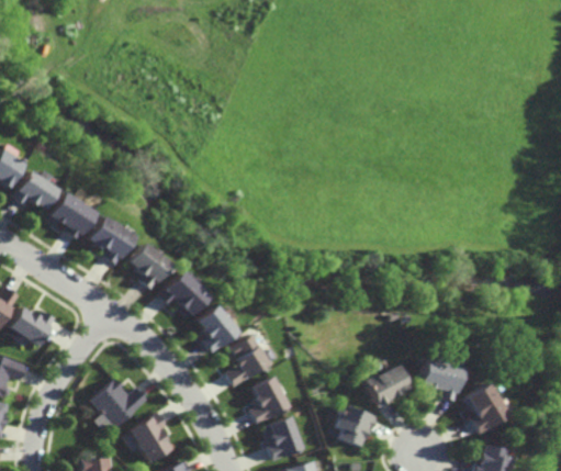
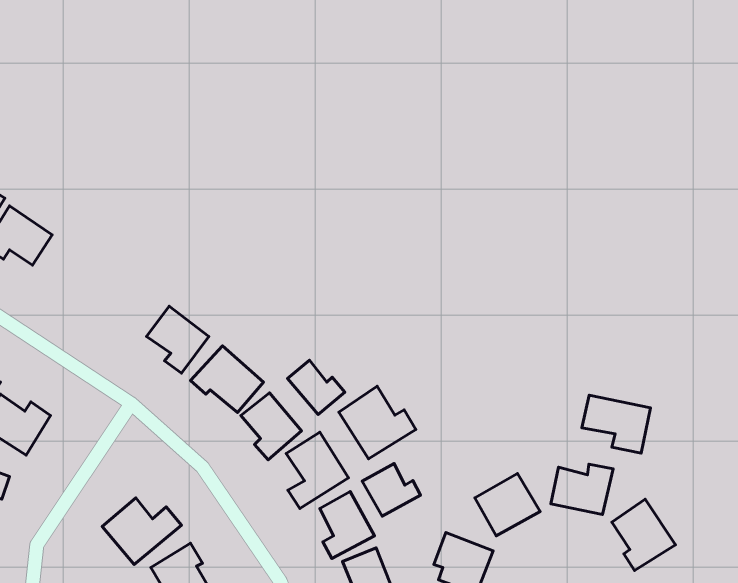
building: [49,193,93,239] -> none
building: [87,216,132,265] -> none
building: none -> [288,360,345,414]
building: none -> [339,386,416,459]
building: none -> [582,395,650,453]
building: none -> [362,464,421,516]

